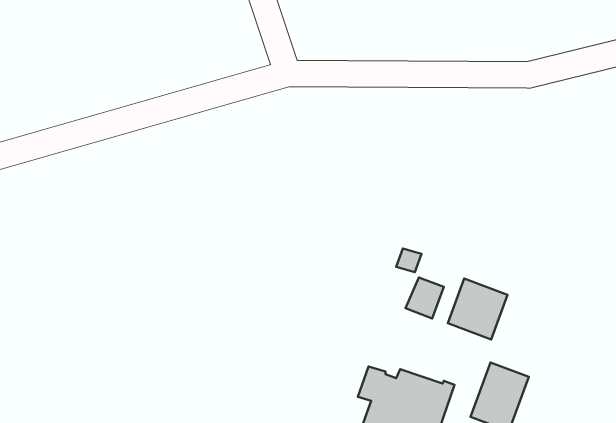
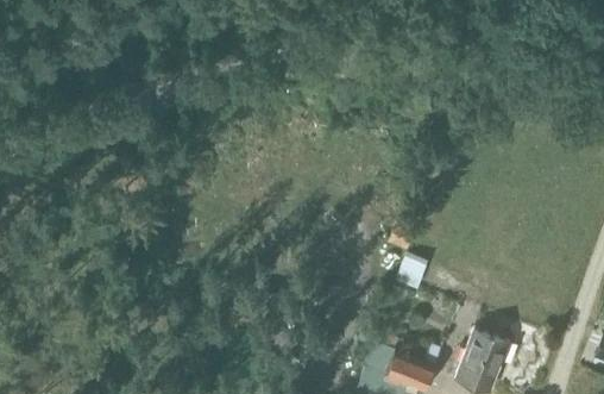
building: [448,279,508,339] -> none

